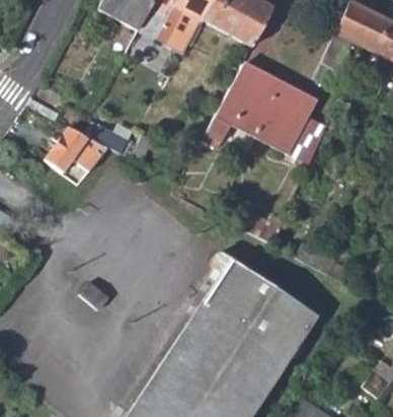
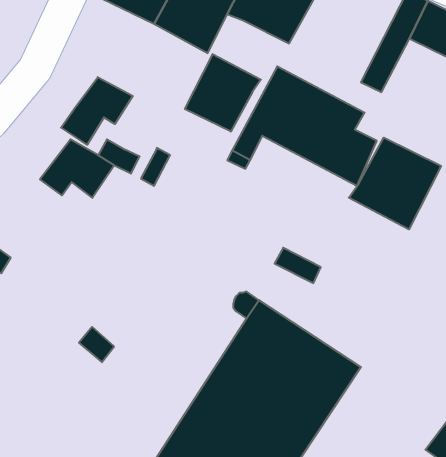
building: none -> [185,54,261,132]
building: none -> [61,77,133,145]
building: none -> [349,138,441,229]

